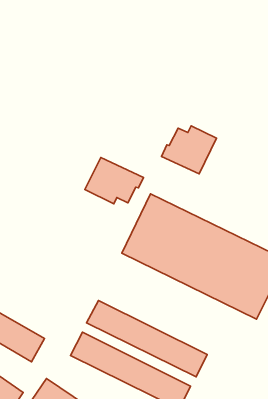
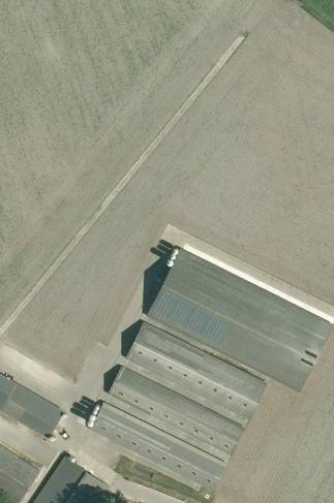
building: [162,126,217,174] -> none
building: [85,157,143,204] -> none
building: none -> [127,323,265,417]

